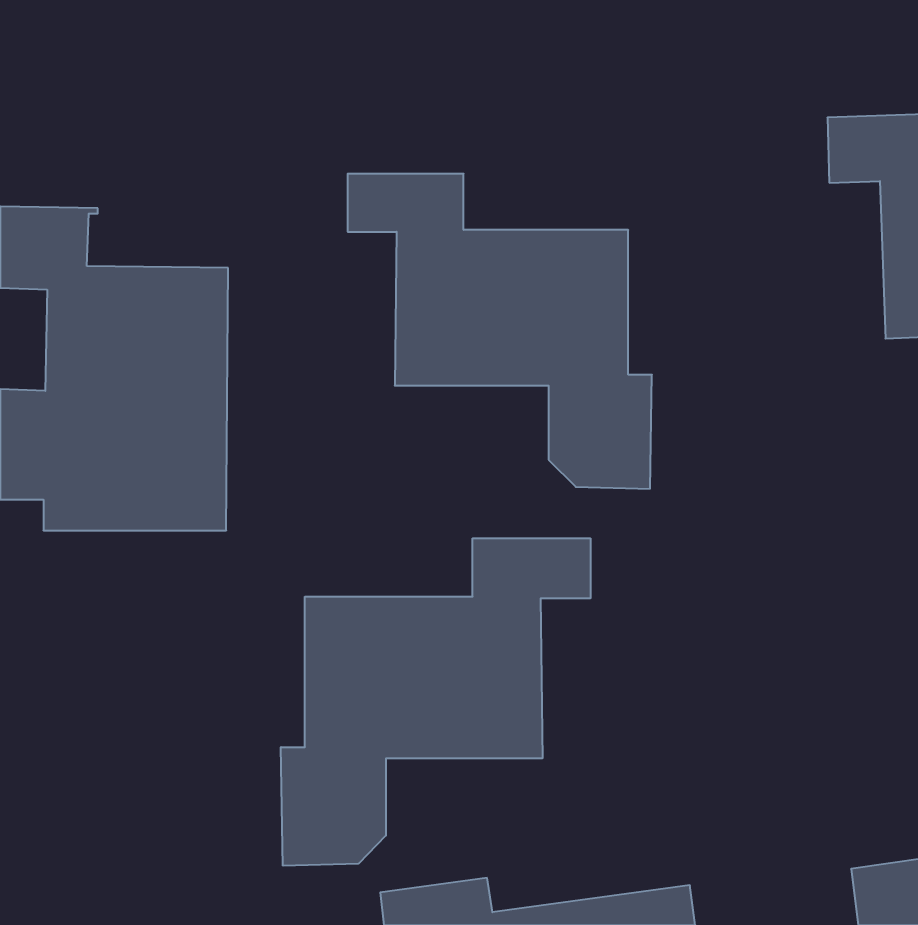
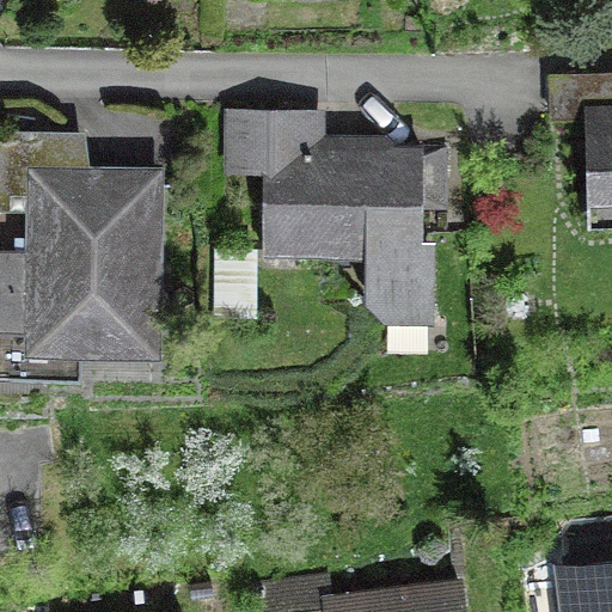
building: [281,538,590,866] -> none

